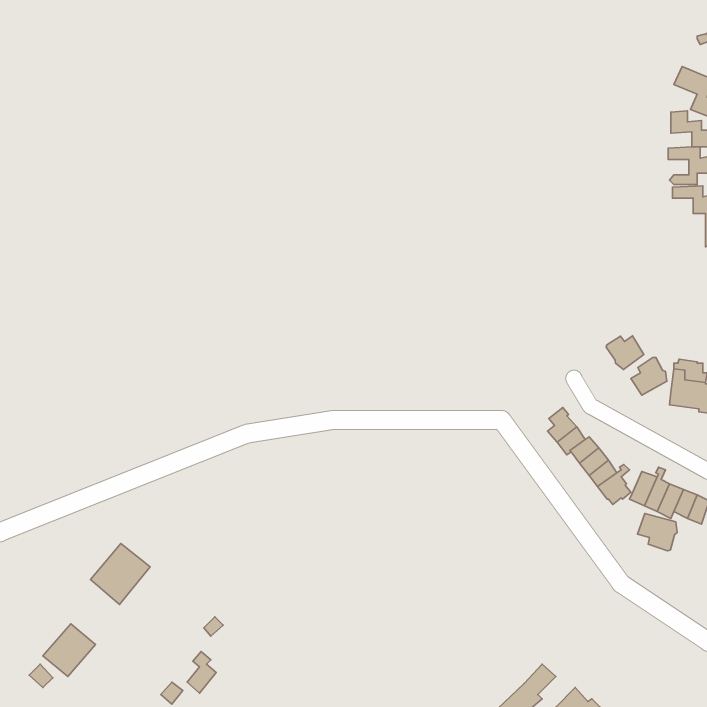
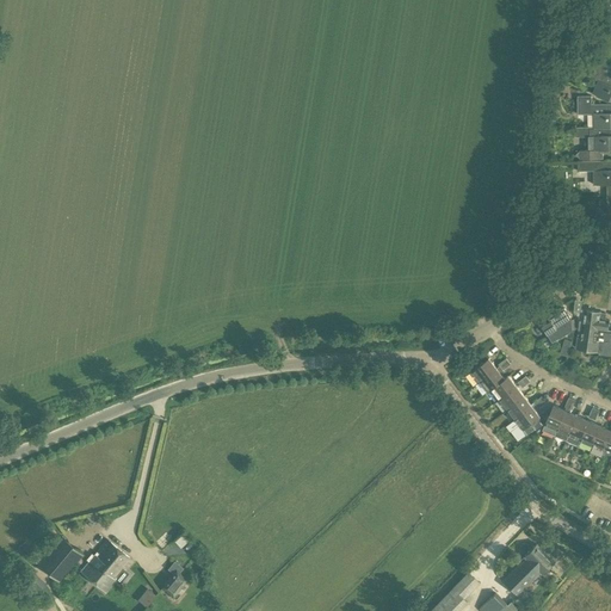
building: [606,336,644,370] -> none
building: [637,513,677,551] -> none
building: [90,543,150,604] -> [81,541,132,593]
building: none -> [501,544,554,597]

